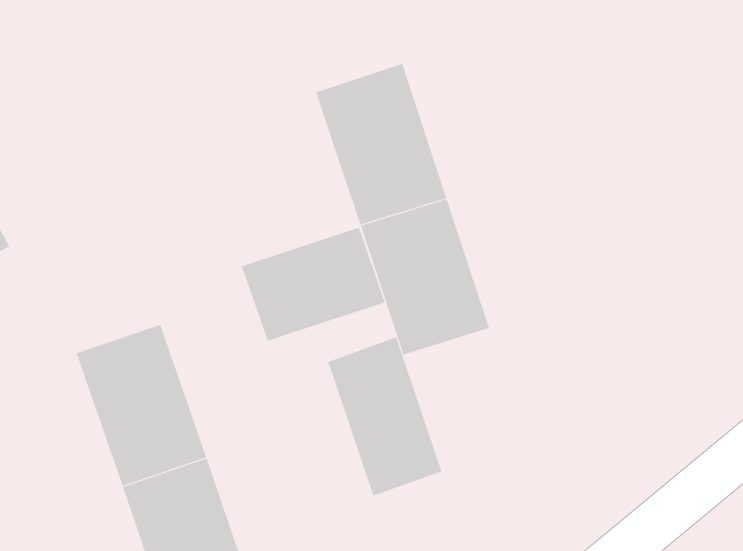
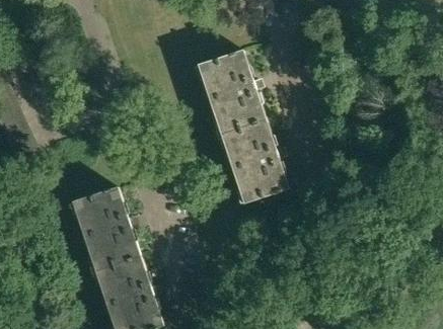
building: [241,227,385,341] -> none
building: [328,337,442,497] -> none

